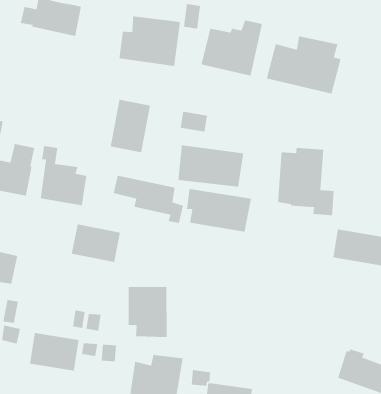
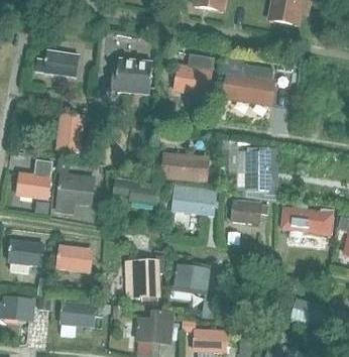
building: [110,99,151,153] -> [54,112,83,151]
building: none -> [229,199,261,223]
building: [71,224,121,263] -> [55,244,92,271]
building: none -> [168,263,217,318]

